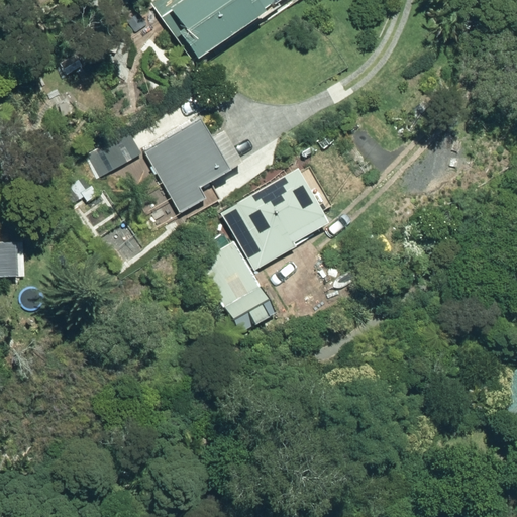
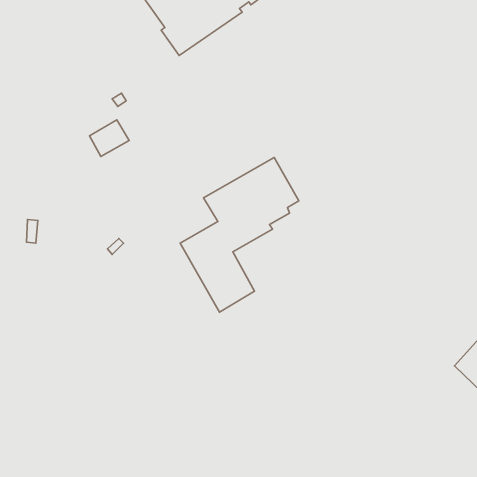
building: [147,120,229,213] -> none

